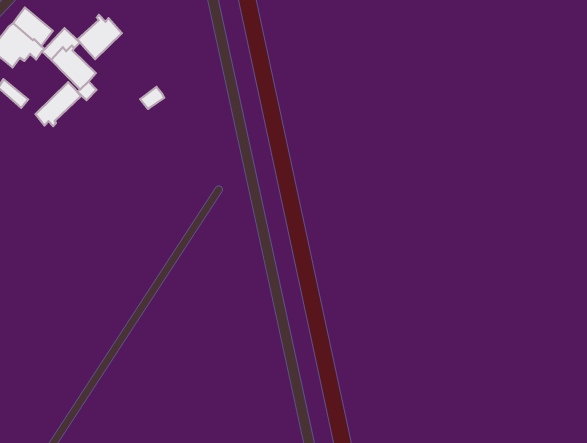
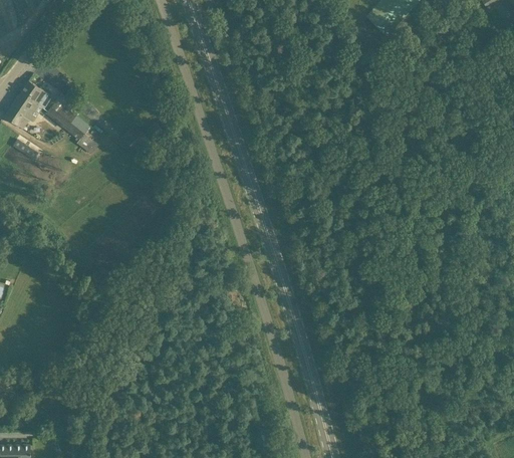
building: [77,15,122,59] -> none
building: [35,82,81,126] -> none

